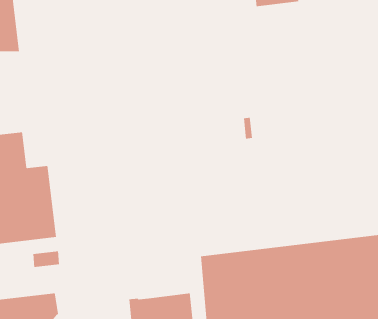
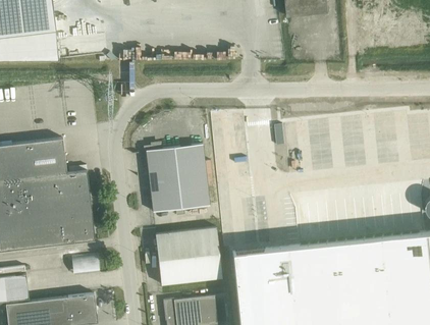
building: none -> [146,144,210,212]
building: none -> [155,227,222,284]

